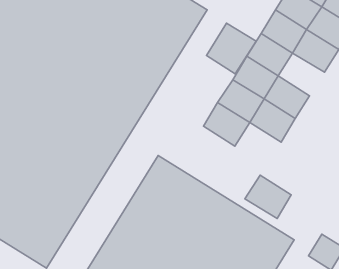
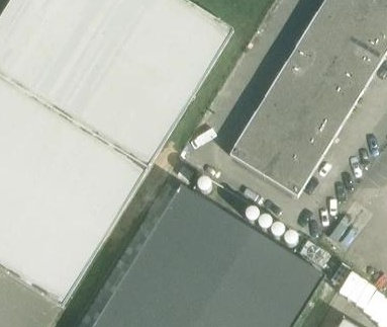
building: [206,23,256,74] -> none
building: none -> [309,75,359,120]
building: [245,175,291,219] -> [263,149,312,195]

